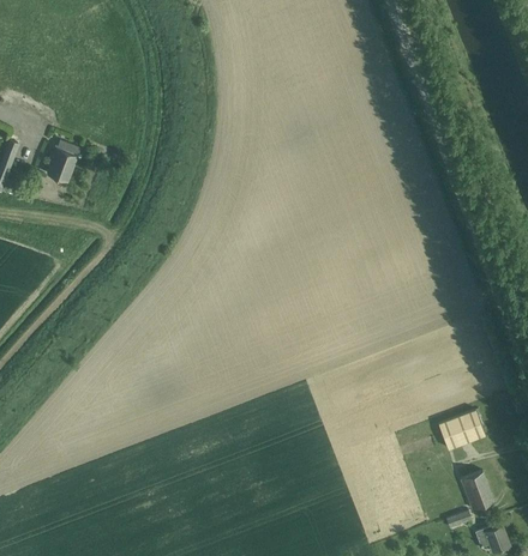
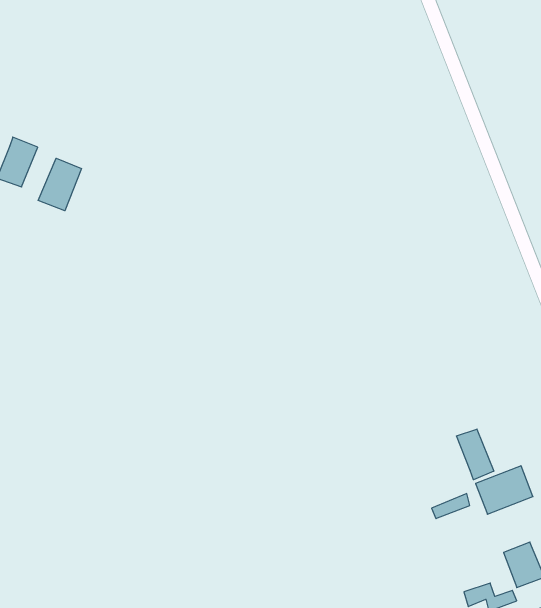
building: none -> [38,158,81,211]
building: none -> [457,429,494,480]

